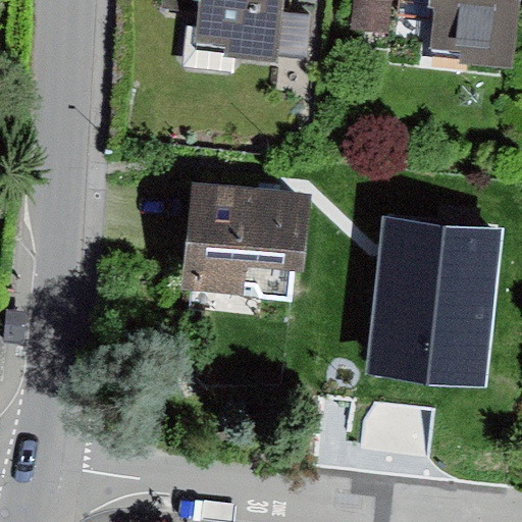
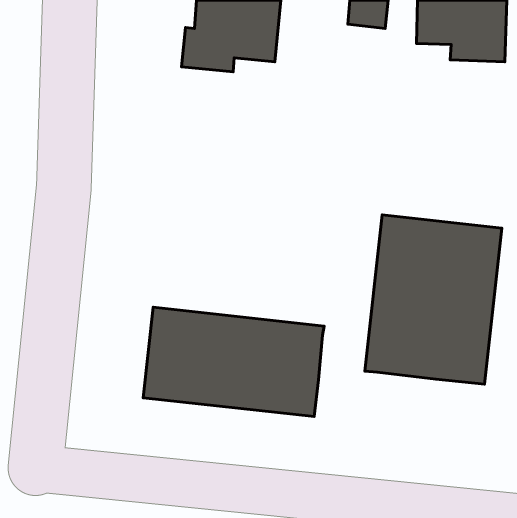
building: [182,188,309,299] -> none
building: none -> [143,307,324,417]

